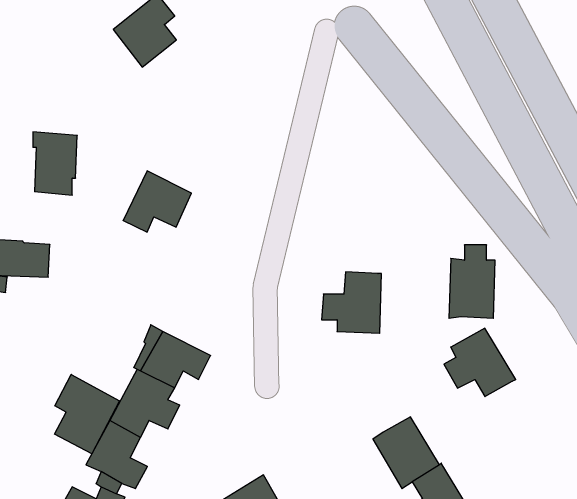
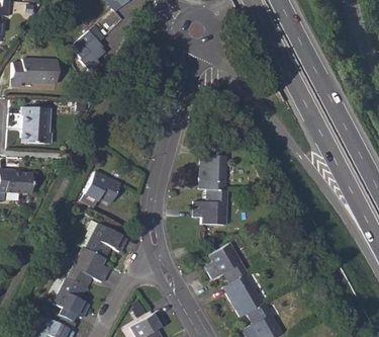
building: none -> [12,58,58,83]
building: [123,171,191,232] -> [81,170,121,206]
building: [449,245,495,318] -> [200,146,227,189]
building: [444,328,516,397] -> [205,243,248,283]
building: [55,374,119,454] -> none

